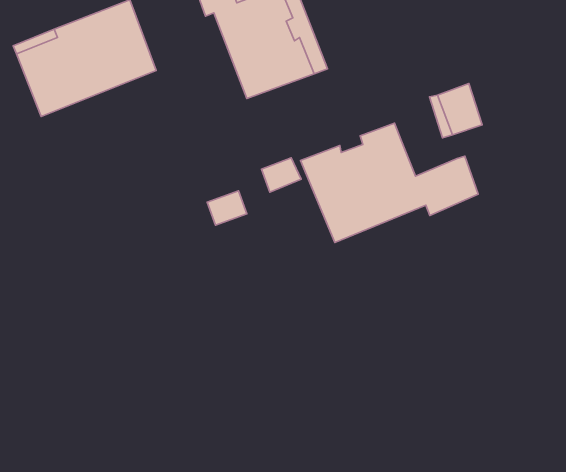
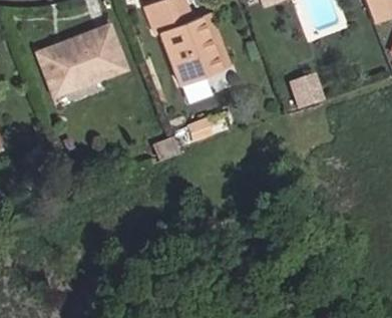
building: [301,123,478,243] -> none

